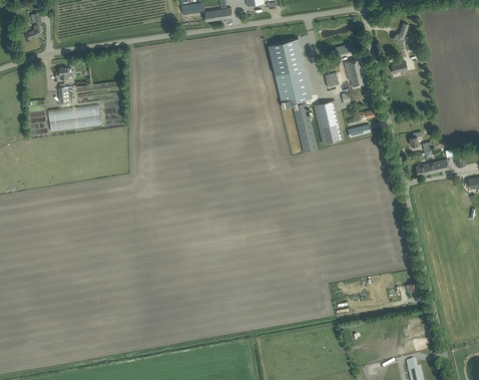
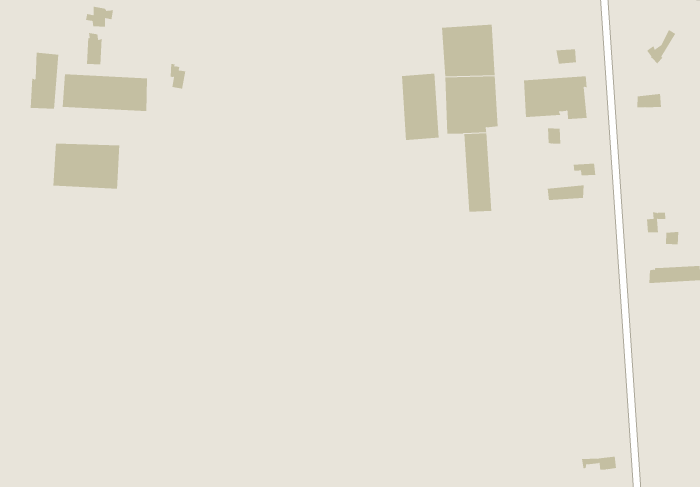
building: [314,100,343,143] -> [401,73,439,140]
building: none -> [53,143,120,189]

